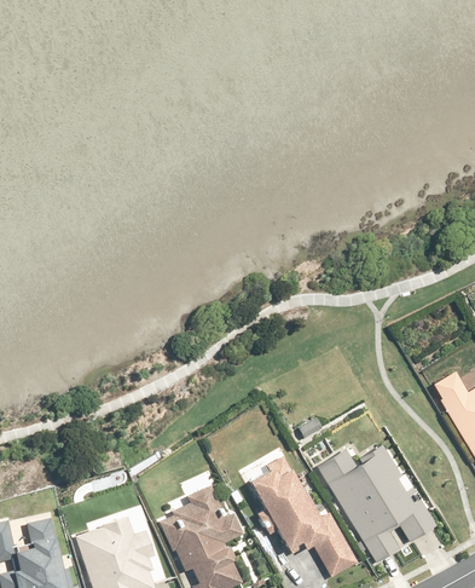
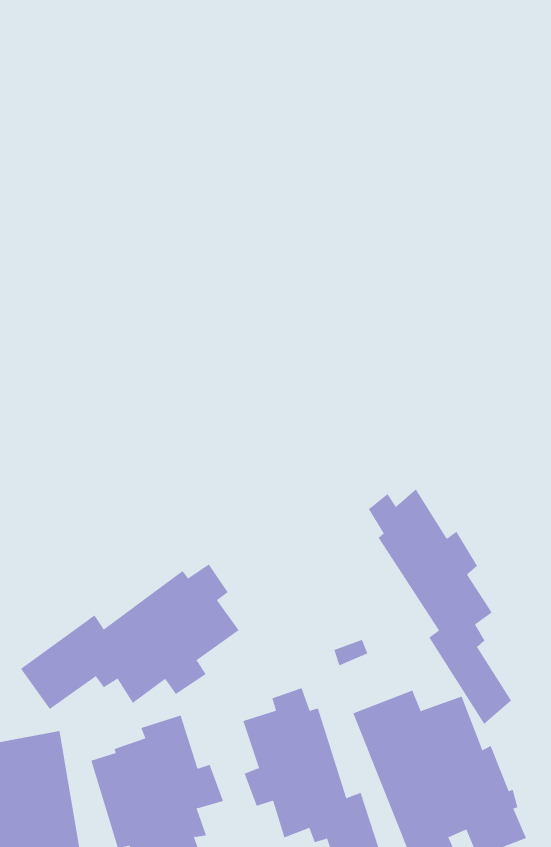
building: none -> [368,488,512,725]
building: none -> [20,563,240,710]

